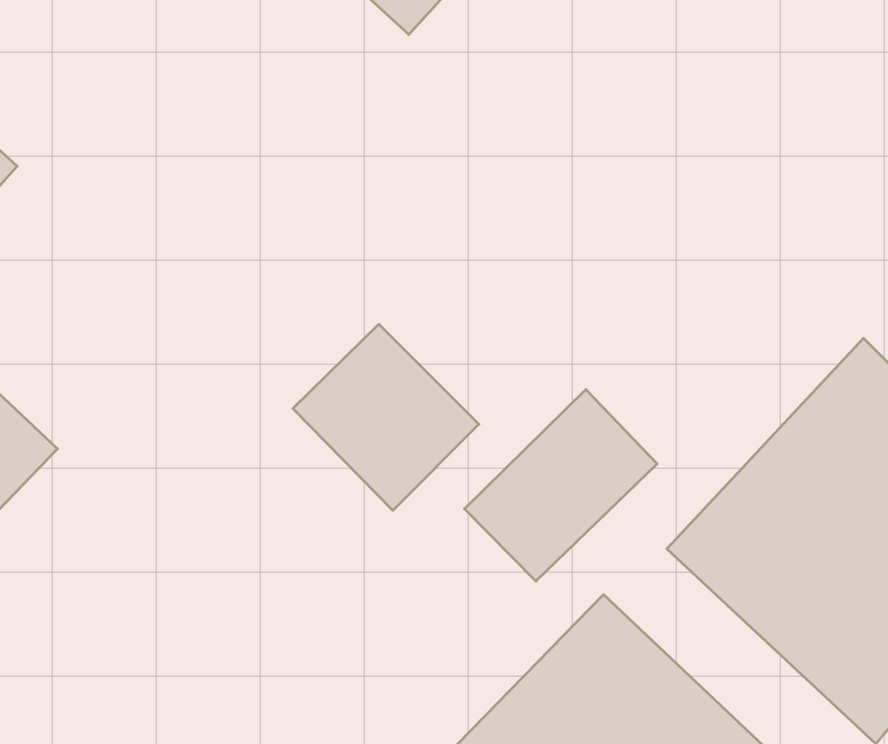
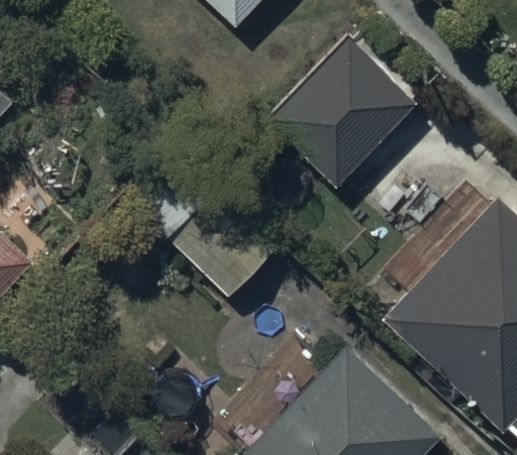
building: none -> [266,37,418,190]
building: [464,389,657,581] -> none

